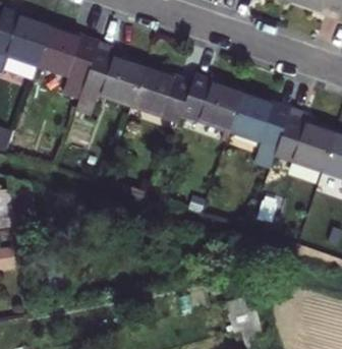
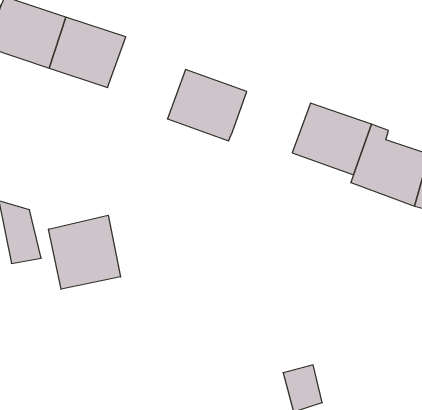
building: [81,44,150,110] -> none
building: [186,78,247,134] -> none
building: none -> [49,215,121,289]

